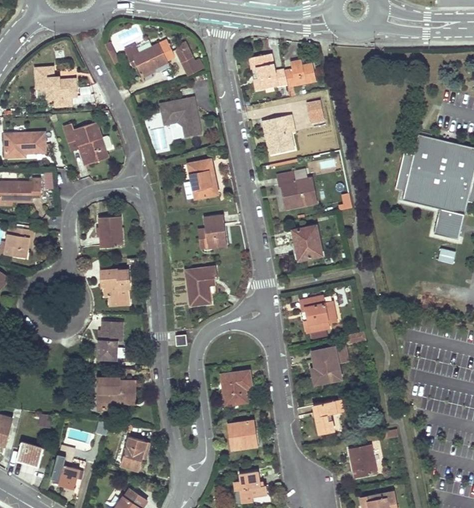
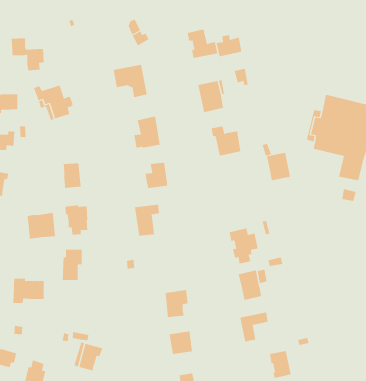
building: [124,41,174,76] -> none
building: [292,226,322,261] -> [266,152,291,181]
building: none -> [27,212,56,239]
building: [96,378,135,409] -> [13,278,45,304]

